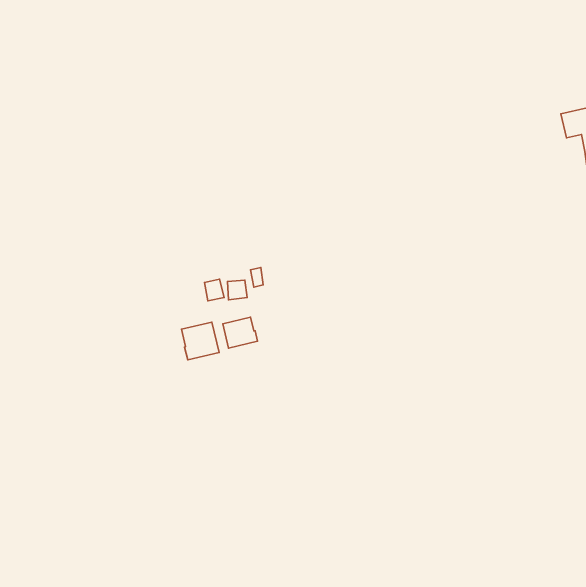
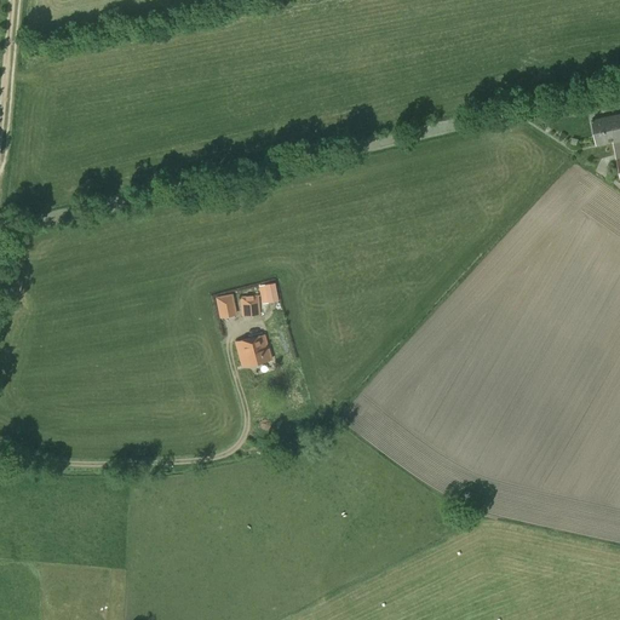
building: [182,322,219,360] -> none

